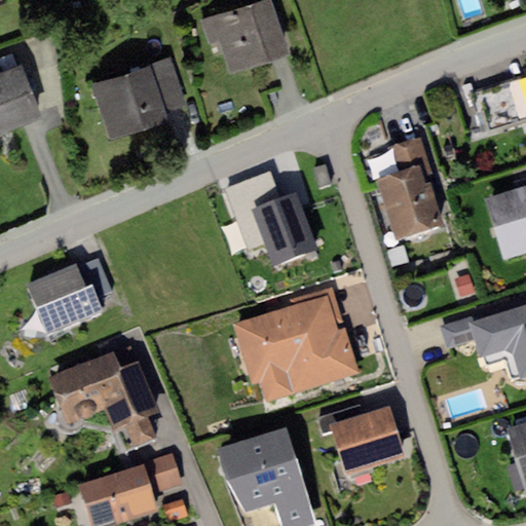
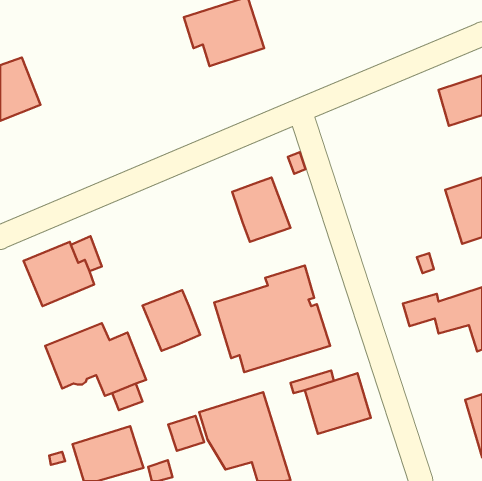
building: [95,59,185,138] -> none
building: [374,138,444,239] -> none
building: [224,170,280,248] -> none
building: none -> [143,290,200,351]
building: [142,454,181,492] -> [168,416,204,451]

